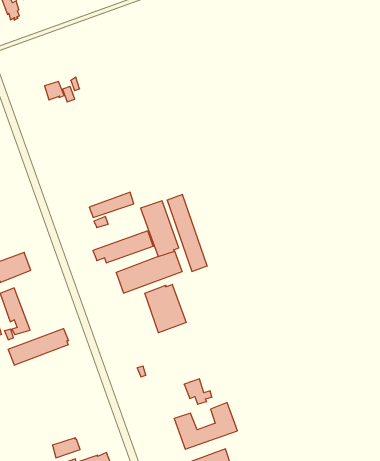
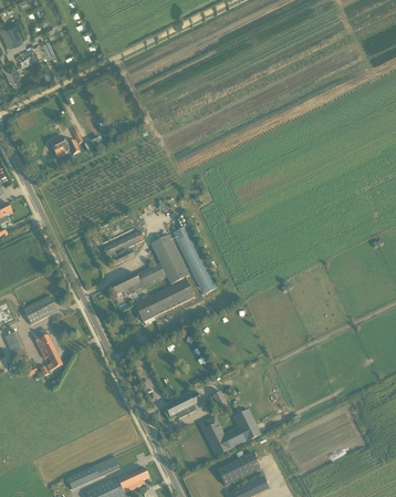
building: [145,284,186,333] -> none
building: [8,329,69,365] -> none
building: none -> [164,393,199,420]

